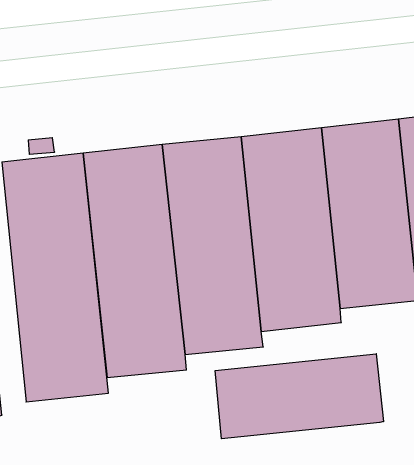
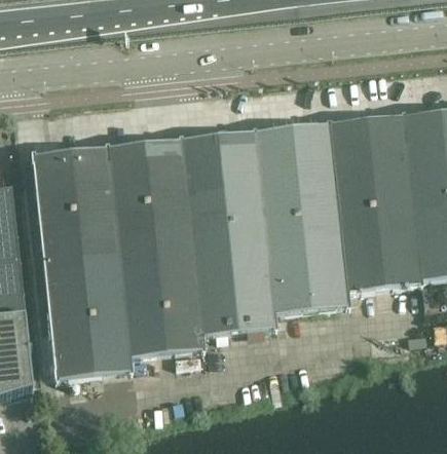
building: [215,354,384,439] -> none

